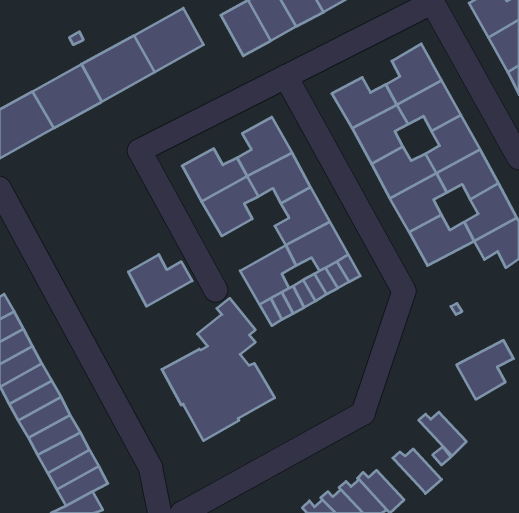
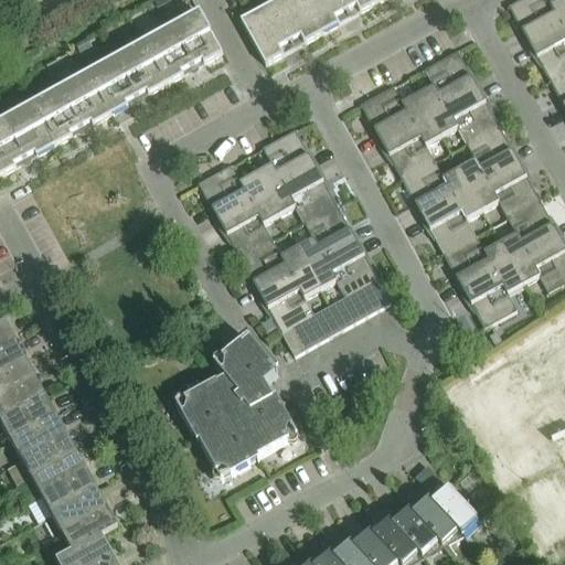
building: [128,254,192,306] -> [241,237,310,294]
building: [457,340,514,399] -> [463,262,525,326]
building: [419,412,466,456] -> [406,499,458,546]

